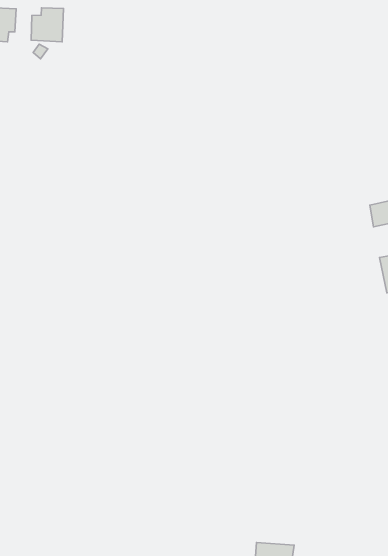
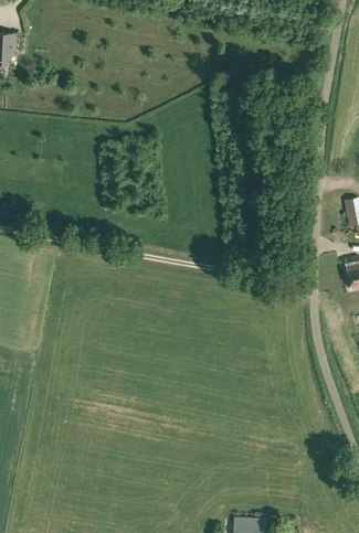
building: [31,8,63,42] -> none

